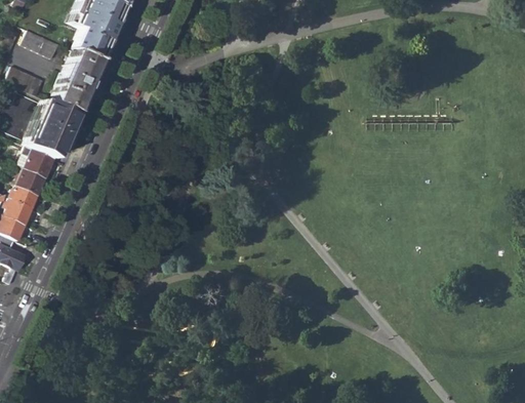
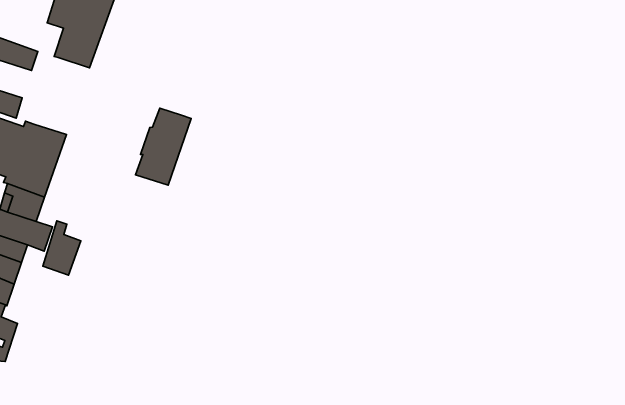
building: [55,53,103,114] -> [136,108,191,185]
building: none -> [43,221,81,275]

